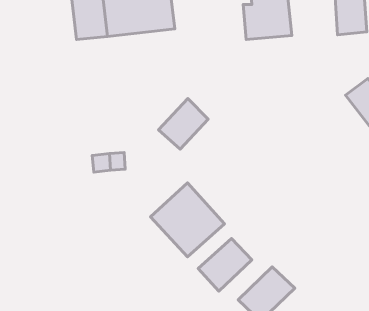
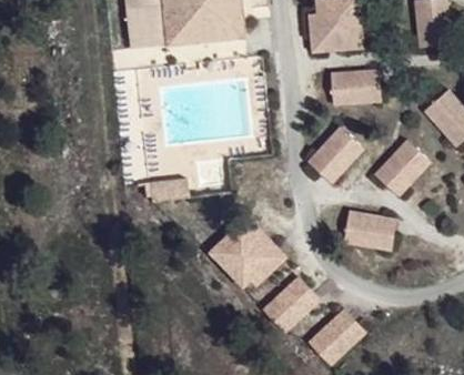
building: none -> [332,68,383,104]
building: [159,99,208,149] -> [307,121,364,179]
building: none -> [375,138,432,195]
building: none -> [342,214,394,253]

